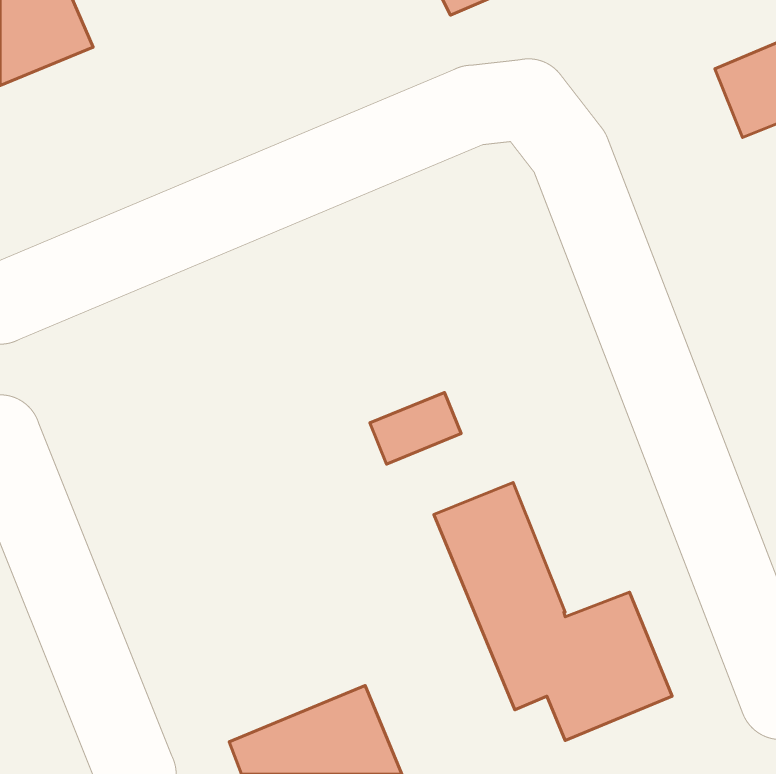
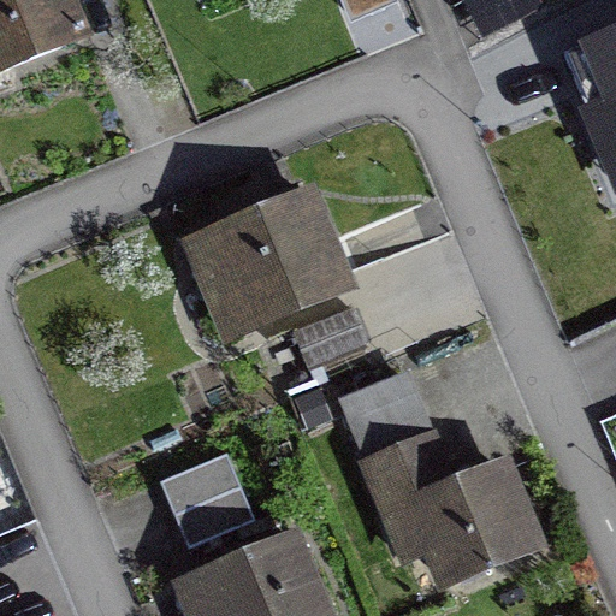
building: none -> [190,196,345,326]
building: none -> [160,455,255,549]

